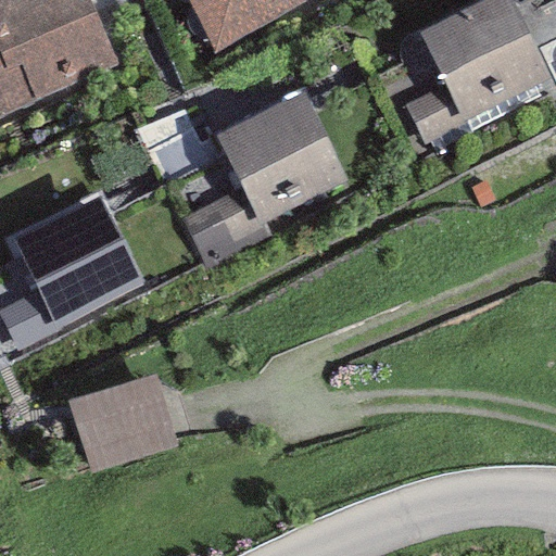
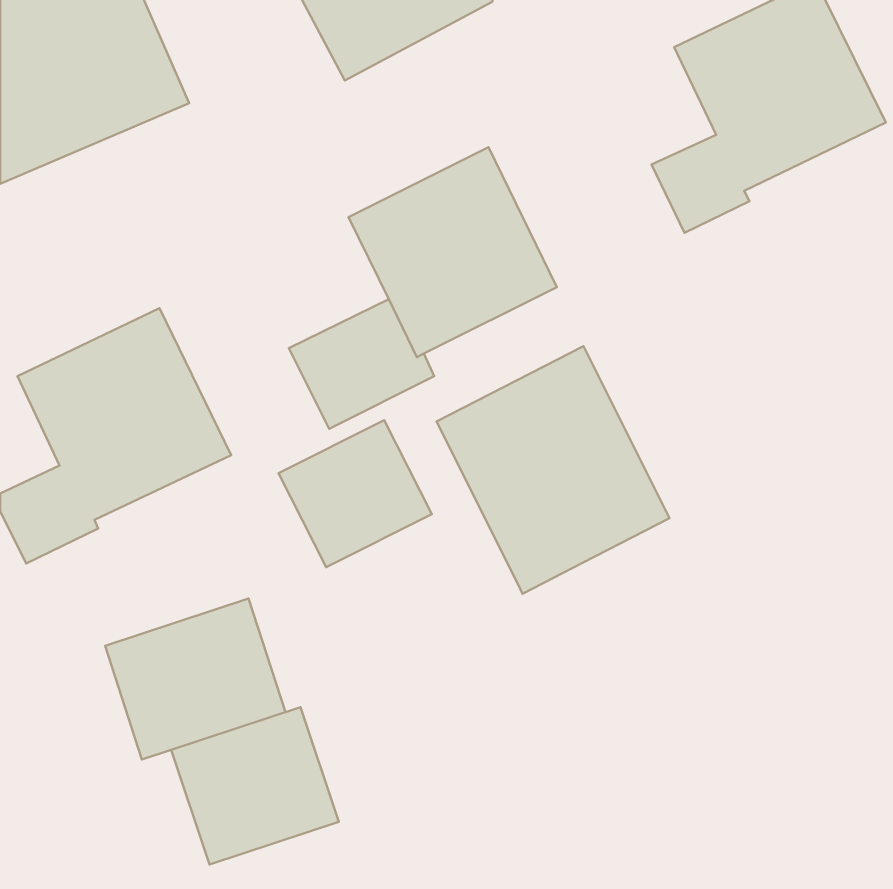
building: none -> [436,346,670,594]
building: none -> [278,420,432,567]
building: none -> [171,707,339,865]

